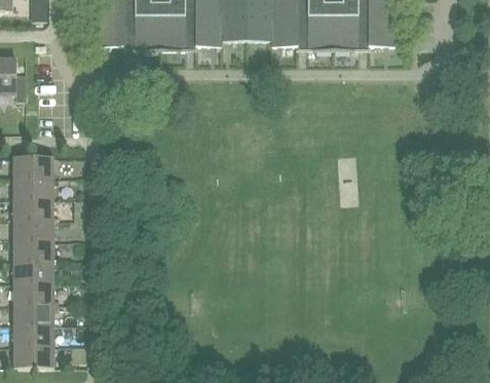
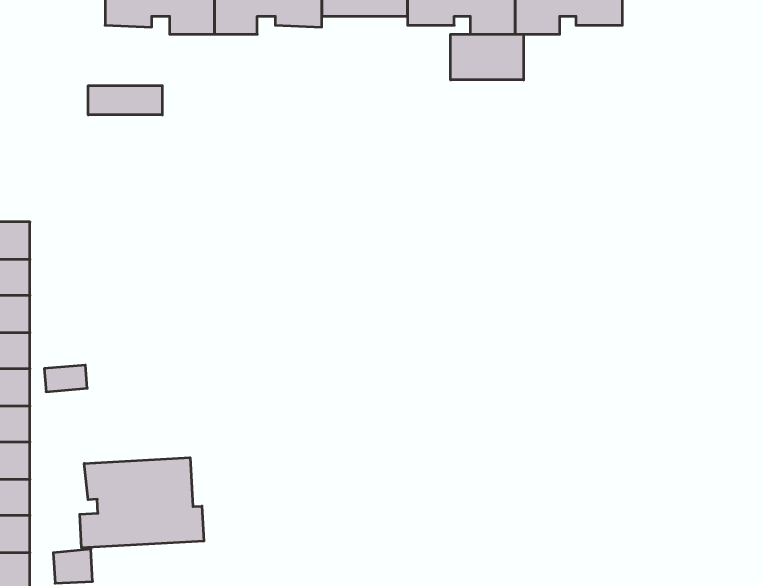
building: none -> [451,34,524,80]
building: none -> [88,86,162,115]
building: none -> [80,458,204,548]

